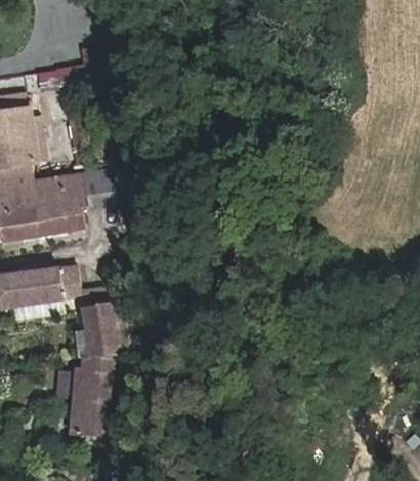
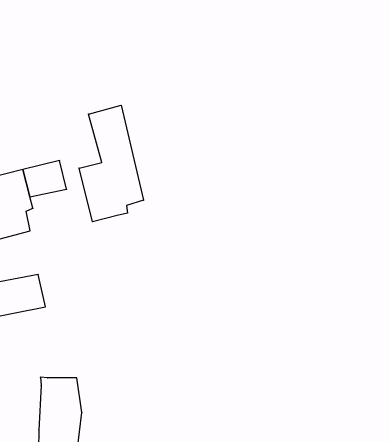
building: none -> [79,105,144,222]
building: [79,303,122,362] -> none

